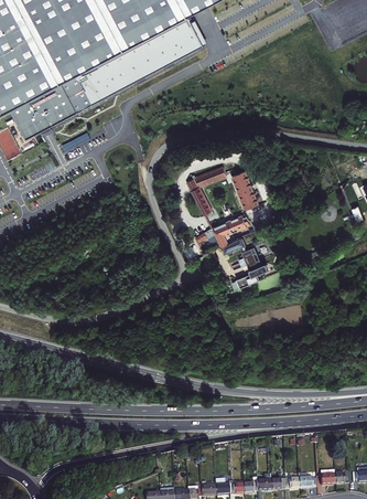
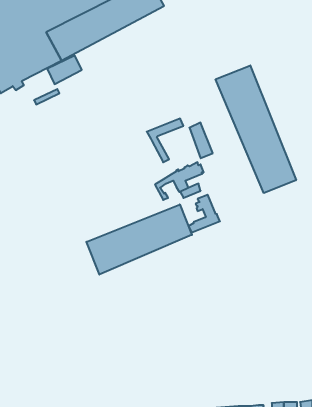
building: none -> [216,65,296,193]
building: none -> [86,204,192,275]

